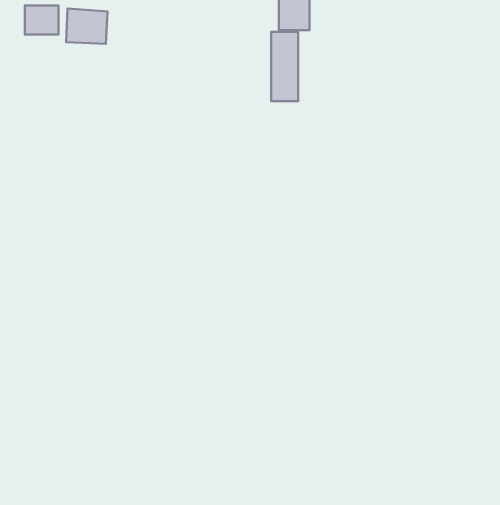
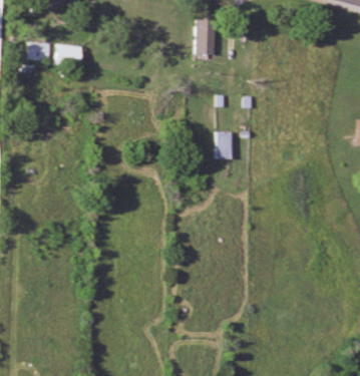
building: [271,32,298,101] -> none
building: none -> [217,131,233,158]

